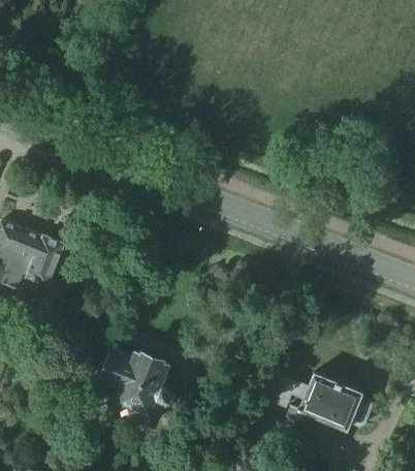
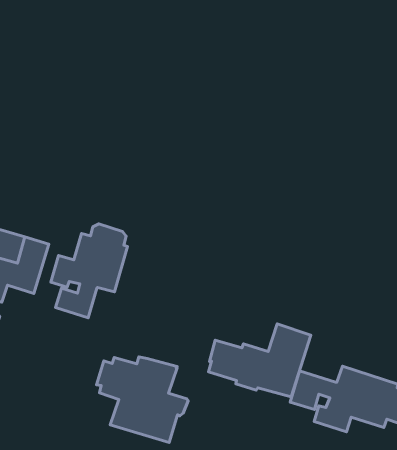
building: none -> [51,224,127,318]
building: none -> [209,324,311,397]

